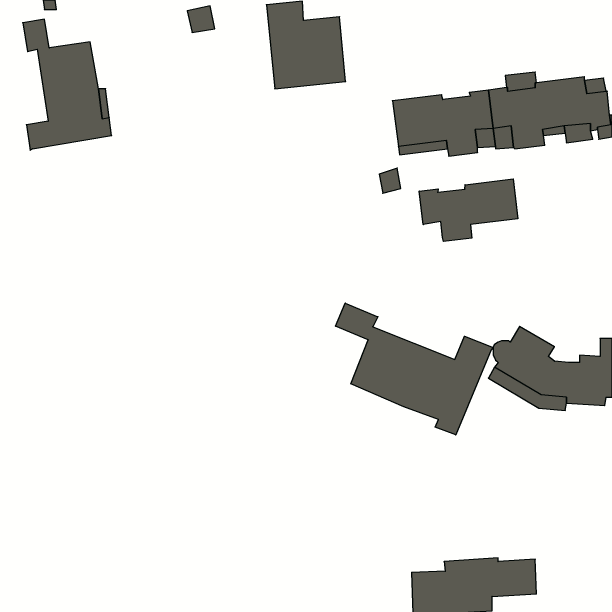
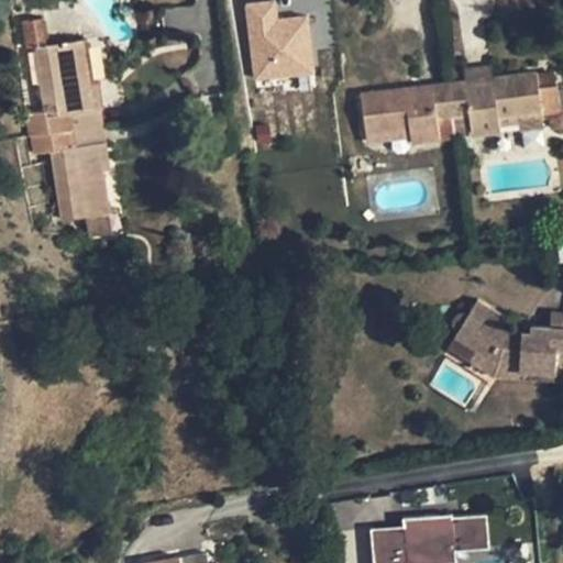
building: none -> [30,125,112,239]
building: [419,179,518,241] -> none
building: [336,303,493,435] -> none

